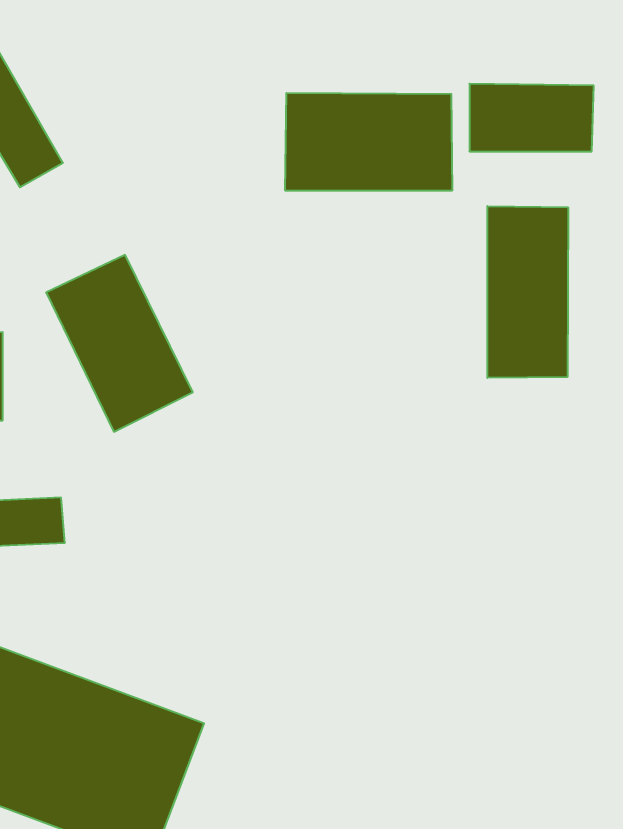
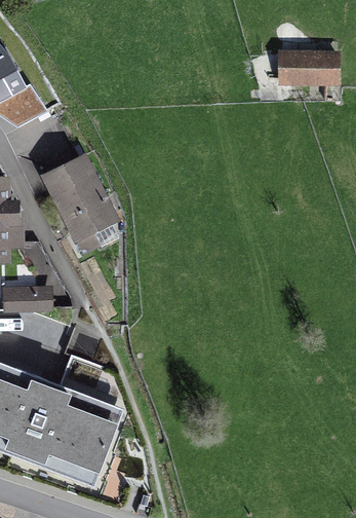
building: [285,93,452,191] -> none
building: [487,206,568,378] -> none

